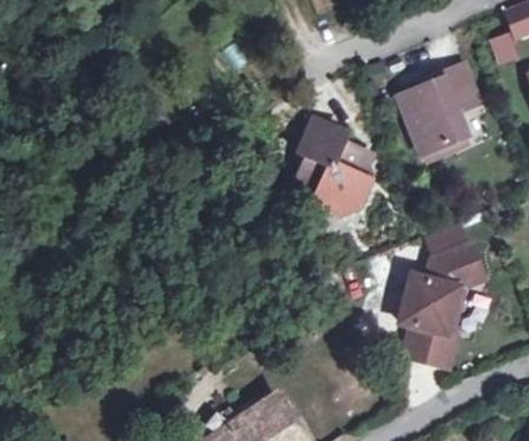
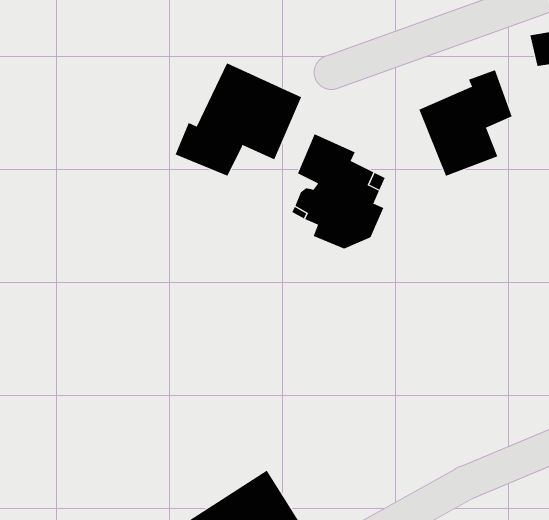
building: none -> [175,63,302,176]
building: [401,241,484,364] -> none

